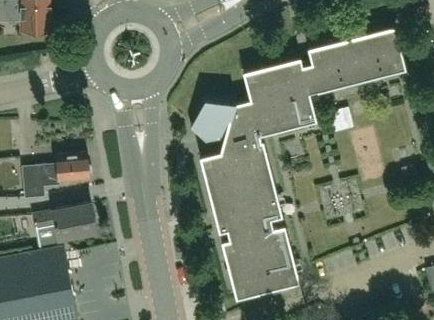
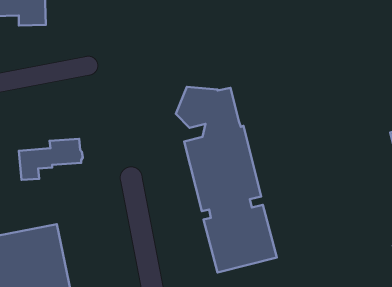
building: [243,26,406,136] -> none
building: [33,204,96,247] -> none

